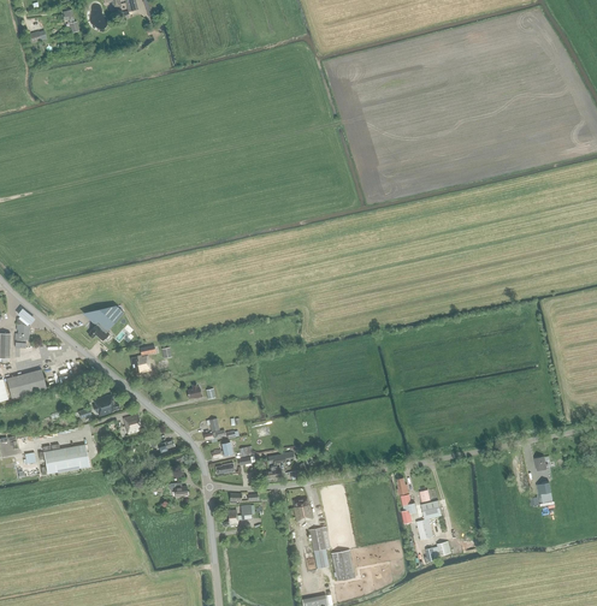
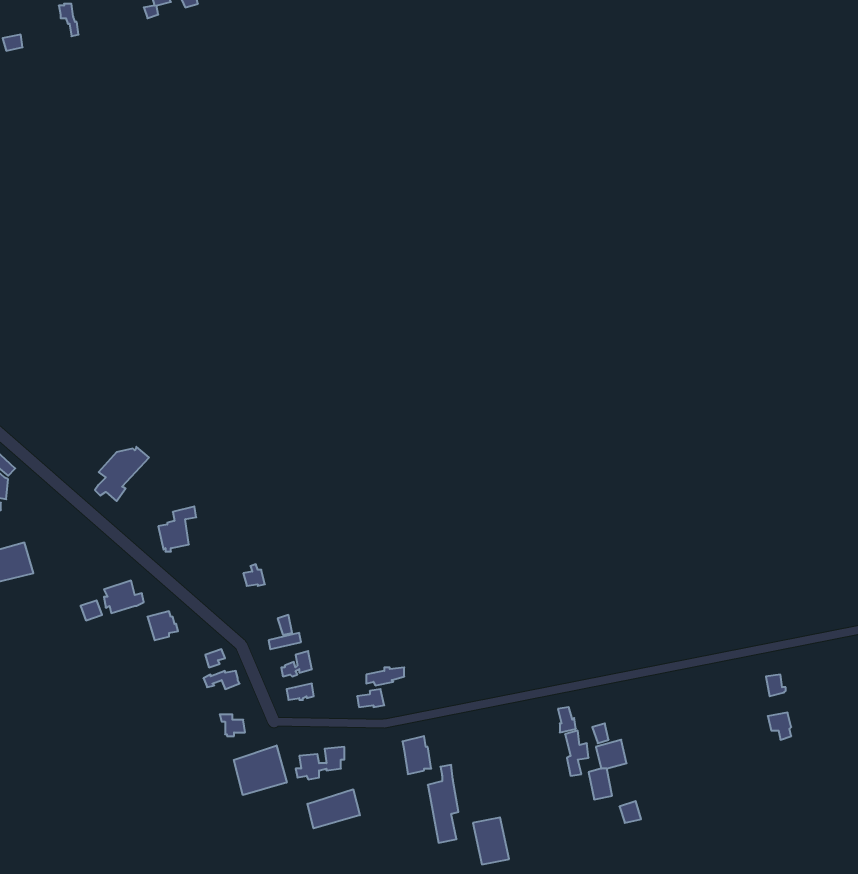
building: [43,444,89,473] -> none
building: none -> [234,745,287,795]
building: none -> [307,789,360,828]

